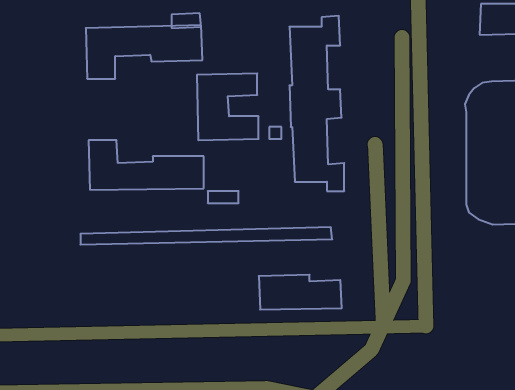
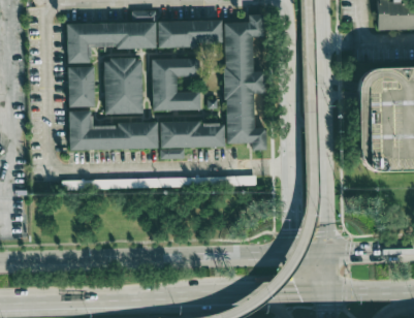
building: none -> [158,20,222,47]
building: none -> [104,57,142,113]
building: none -> [68,66,95,105]
building: [259,275,342,310] -> [161,120,225,147]

